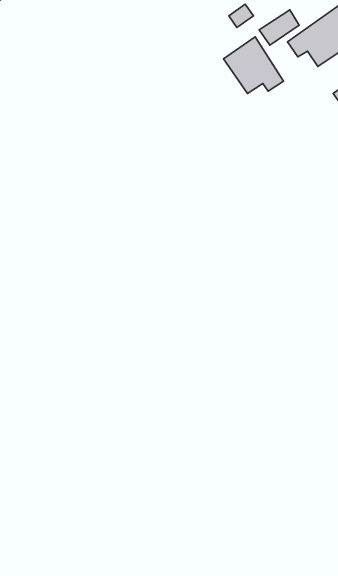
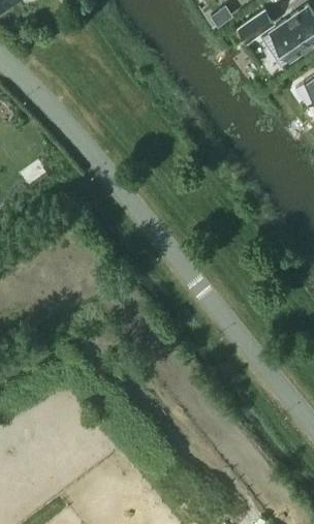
building: [224,37,283,94] -> none

